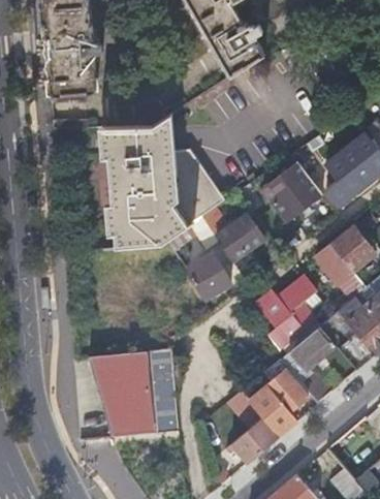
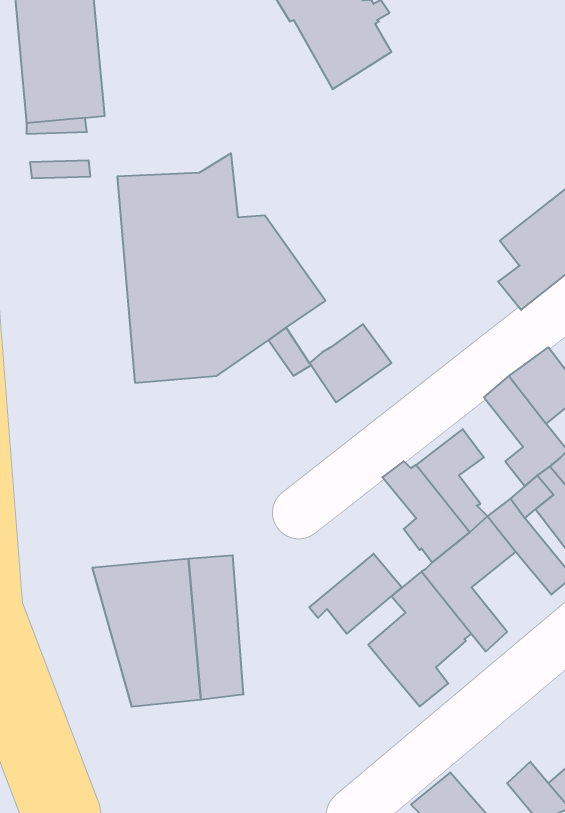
building: [263,153,322,219] -> none
building: [186,253,229,298] -> none
building: [226,415,280,462] -> [309,554,402,634]

